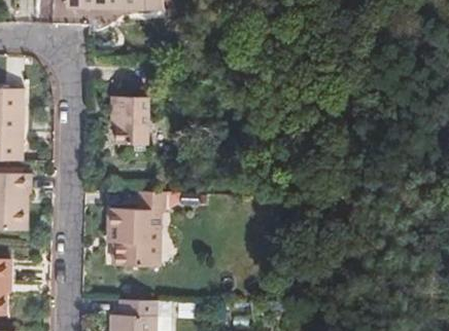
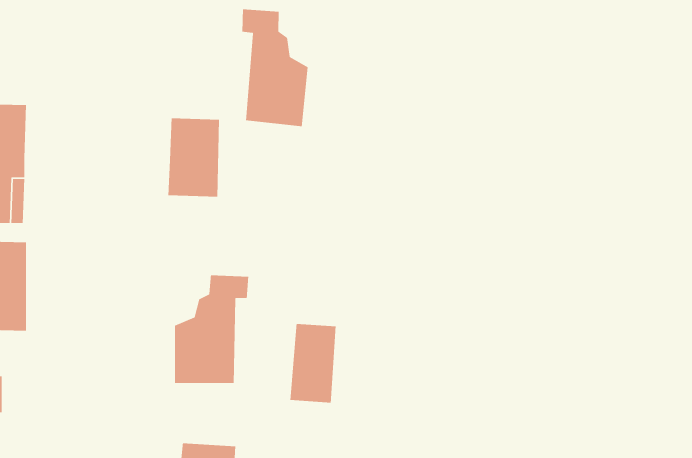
building: none -> [241,9,308,127]
building: none -> [290,323,337,403]

